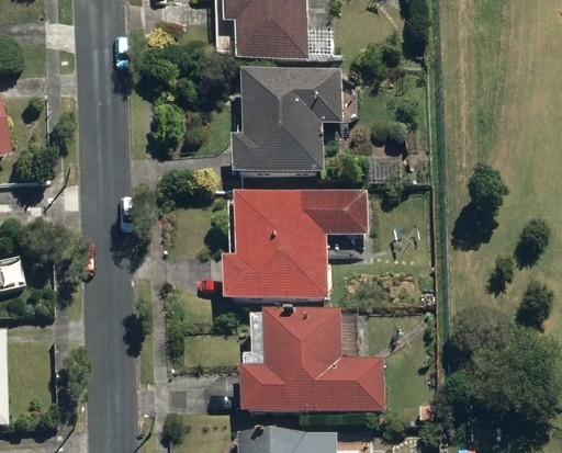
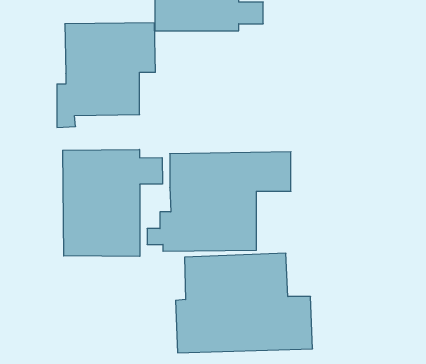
building: [231,66,340,182] -> [57,23,155,127]
building: none -> [63,149,162,256]

